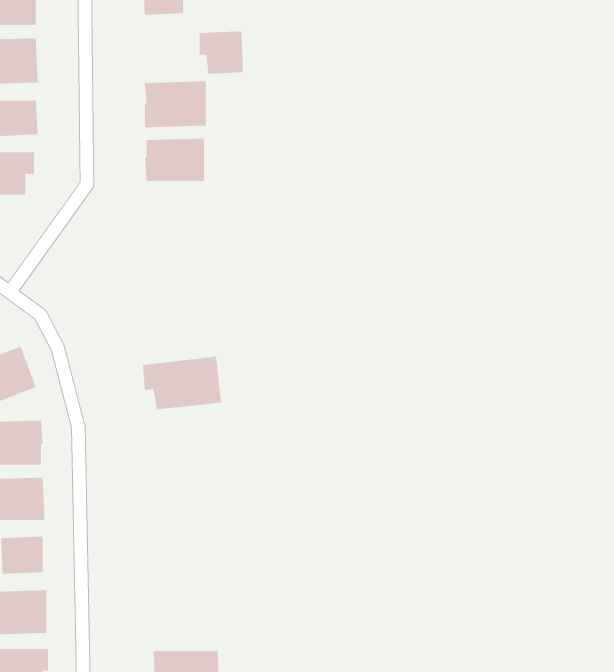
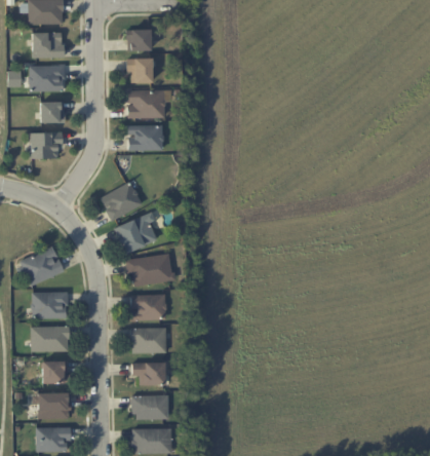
building: [199,31,244,74] -> [126,58,153,83]
building: none -> [100,182,143,221]
building: none -> [114,213,157,253]
building: none -> [130,294,166,320]
building: none -> [131,328,166,353]
building: none -> [132,363,165,385]
building: none -> [132,394,168,420]

